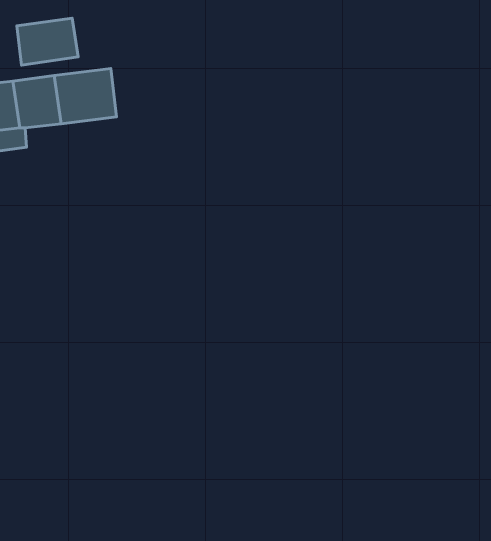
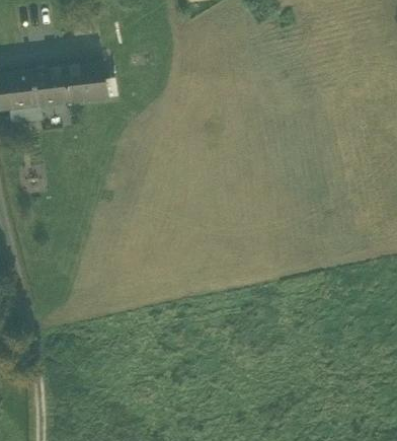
building: [17,18,78,65] -> none

